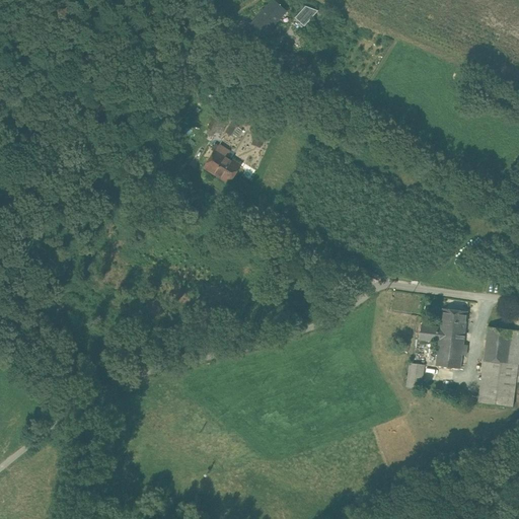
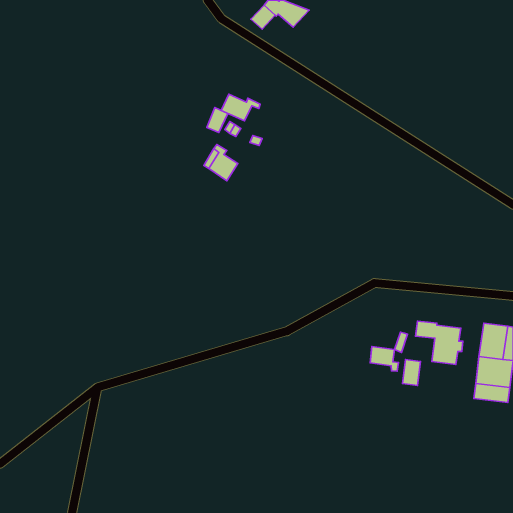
building: none -> [221,94,260,121]
building: [441,308,467,331] -> none
building: none -> [370,347,399,371]

